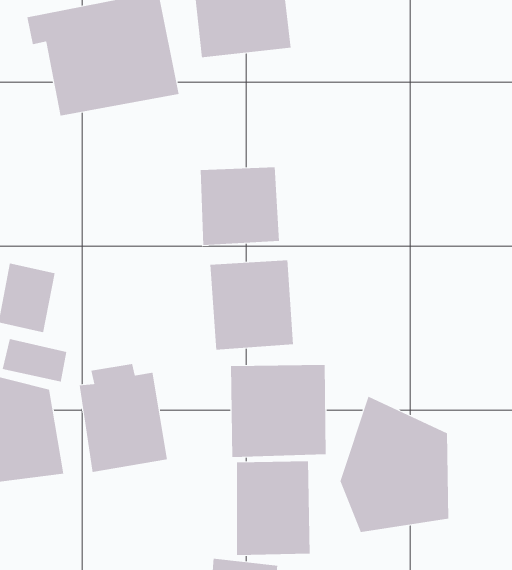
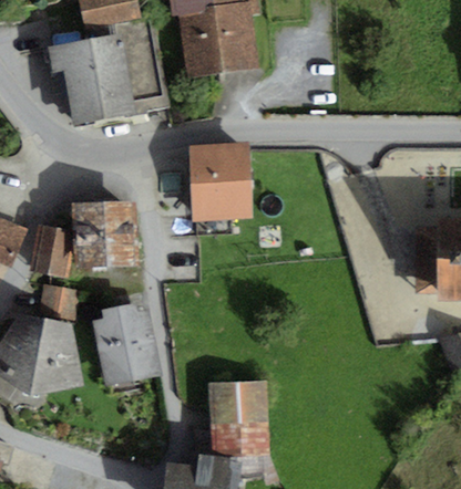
building: [210,260,294,350] -> [78,212,142,281]
building: [231,364,326,458] -> none
building: [340,396,449,533] -> none

